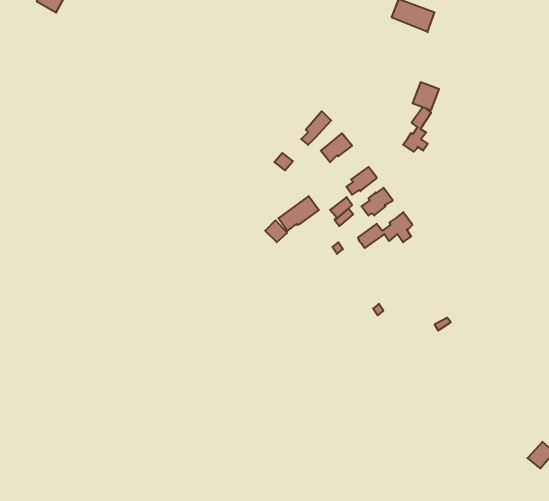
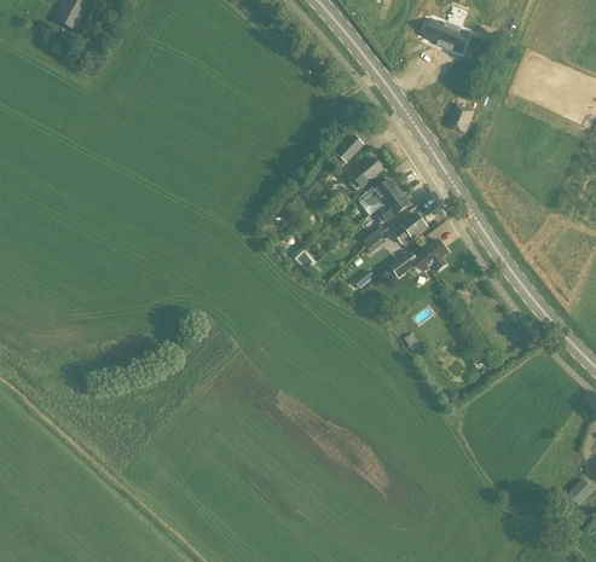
building: [403,107,431,152] -> none
building: [278,196,319,231] -> [358,178,400,214]

